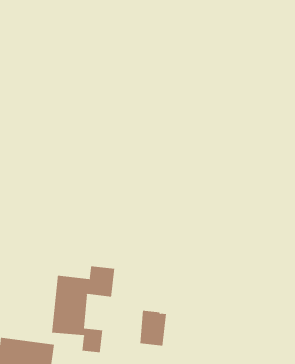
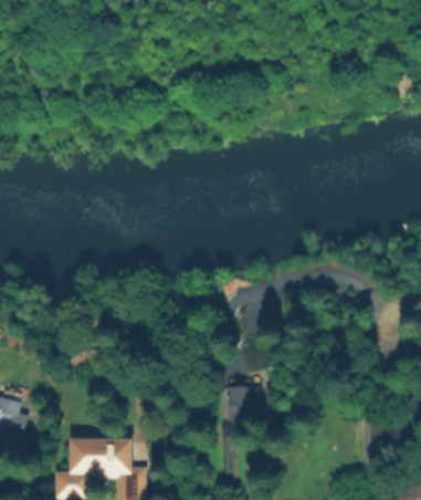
building: [52,265,115,353] -> none

